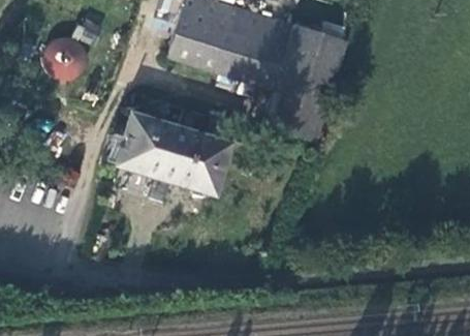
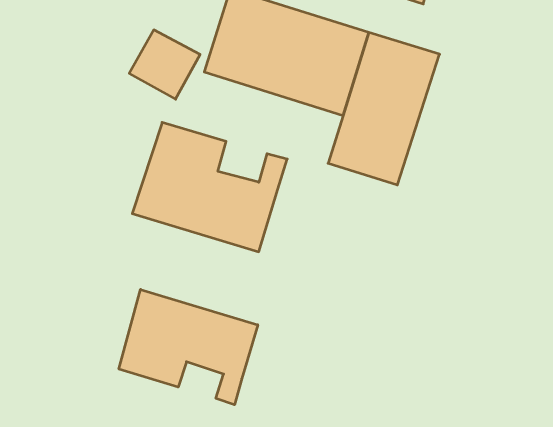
building: [39,32,93,85] -> [129,30,200,99]
building: none -> [119,289,258,405]

